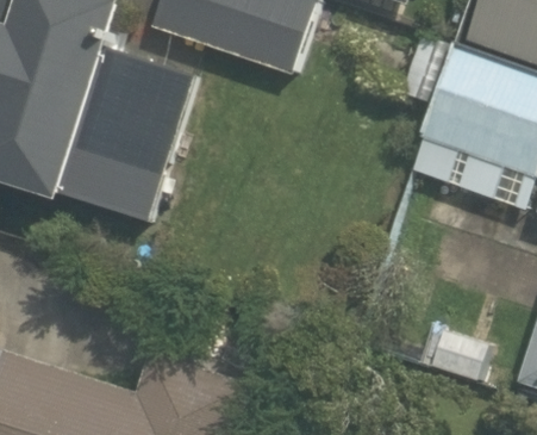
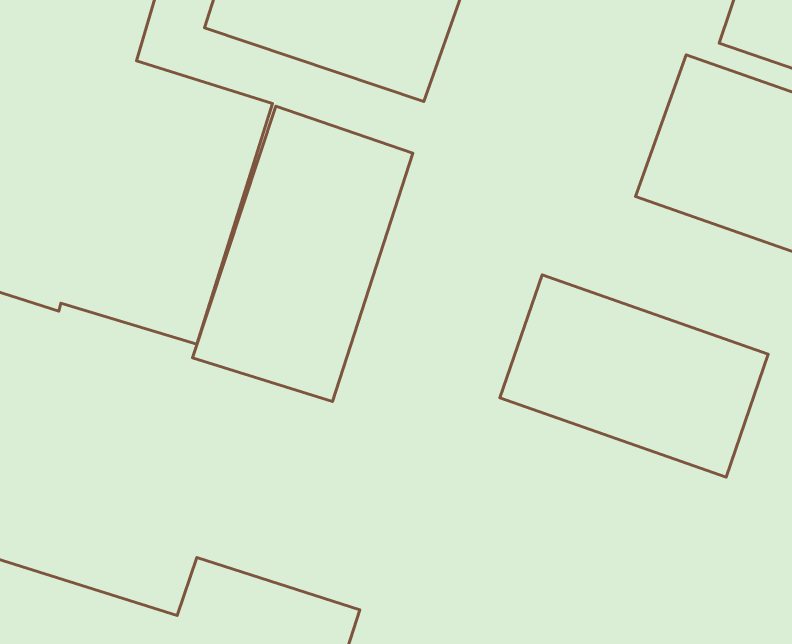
building: none -> [193,106,413,401]
building: none -> [500,275,768,477]

